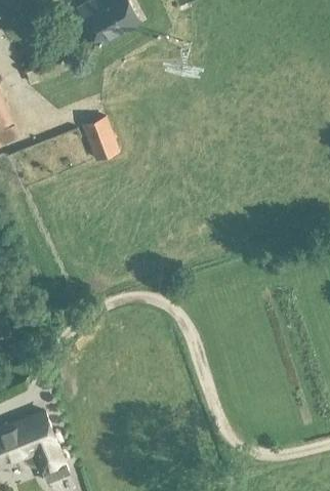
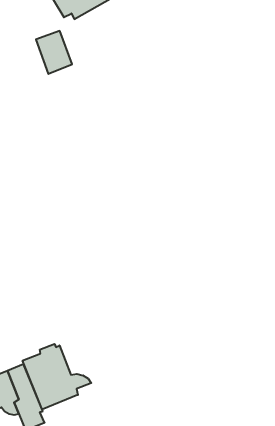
building: [81,114,120,160] -> [36,31,72,74]
building: none -> [23,344,91,409]

